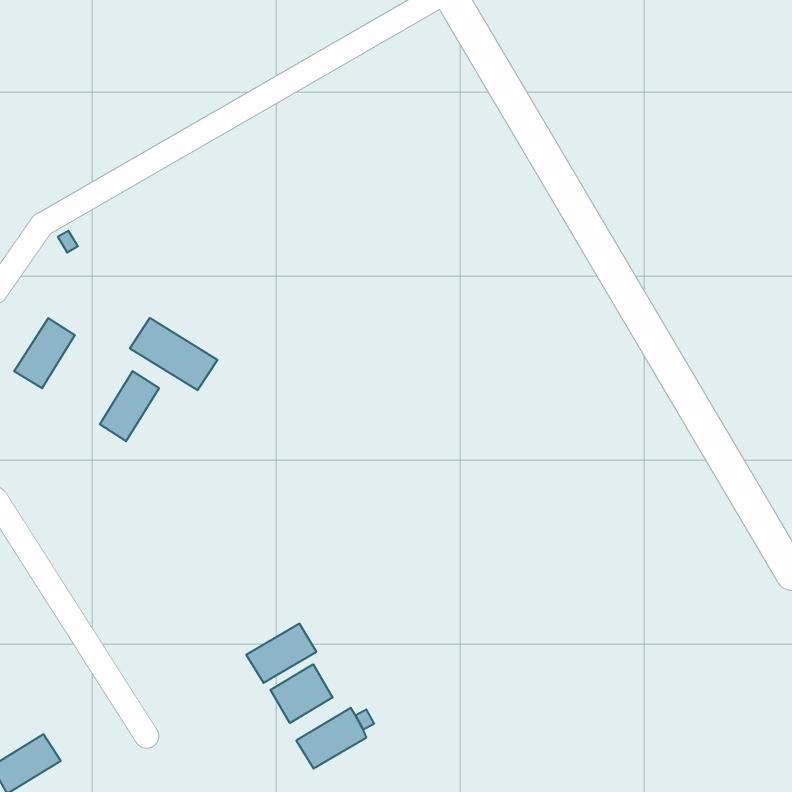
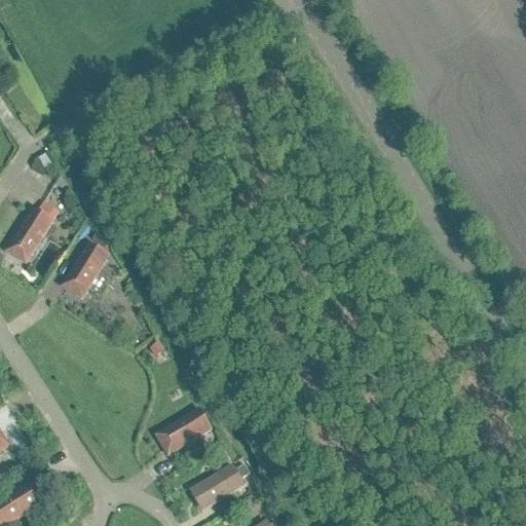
building: [130,318,217,390] -> none
building: [270,664,333,723] -> none

